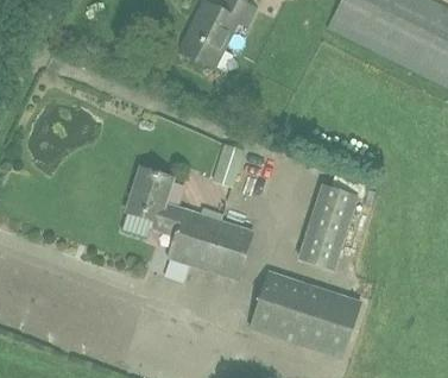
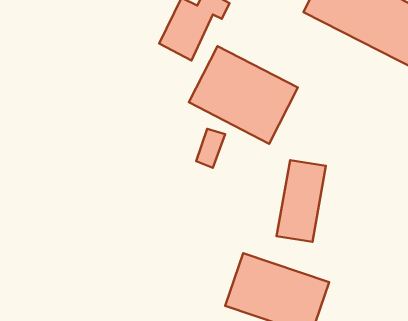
building: none -> [189,46,298,144]
building: [125,168,252,279] -> none

